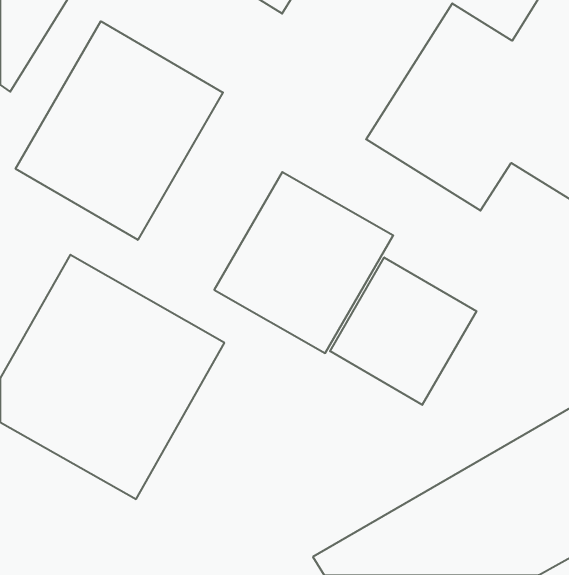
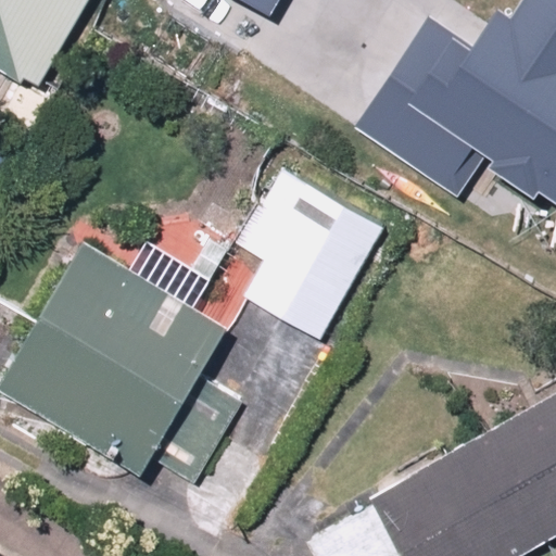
building: [16,21,223,240] -> none
building: [330,257,476,405] -> none

